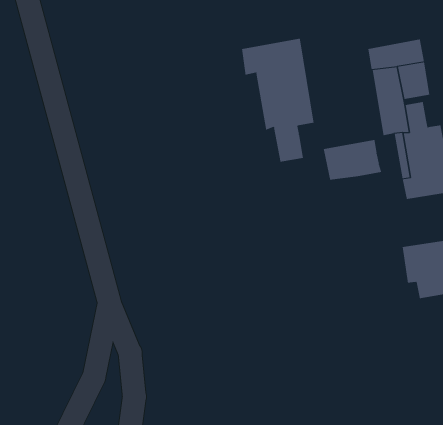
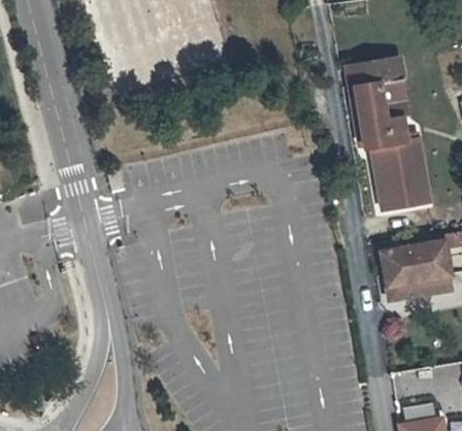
building: [241,38,314,162] -> none
building: [323,139,382,181] -> none

